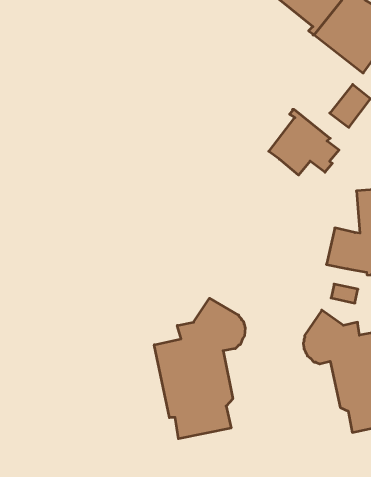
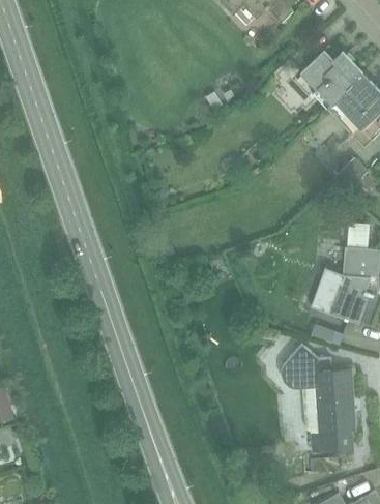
building: [269,109,339,175] -> none
building: [154,298,245,439] -> none

